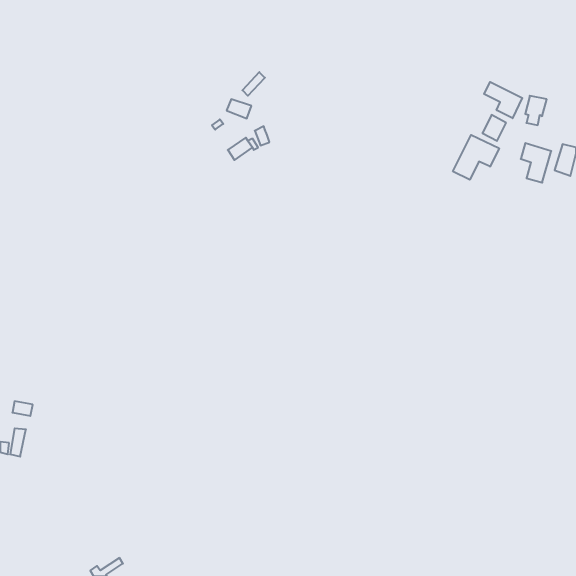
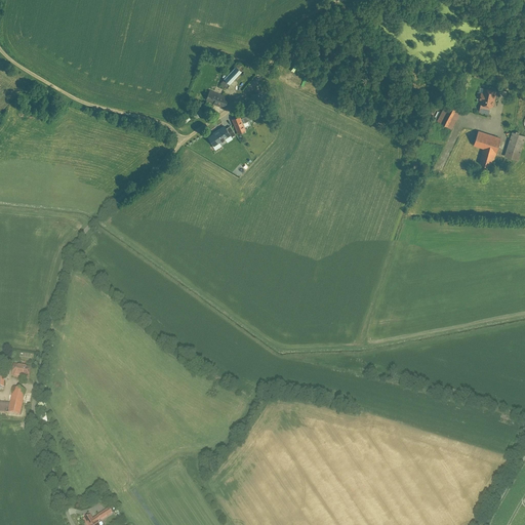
building: [484,82,522,118] -> none
building: [453,135,499,180] -> none

